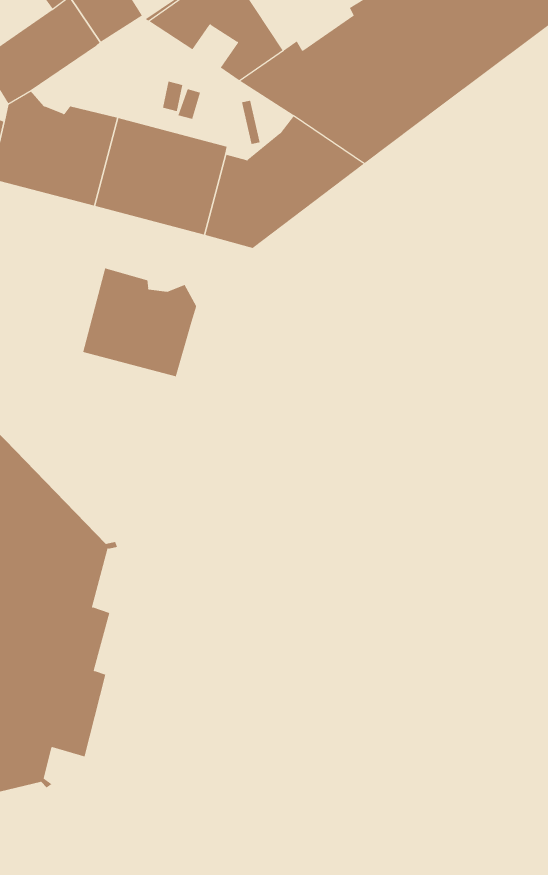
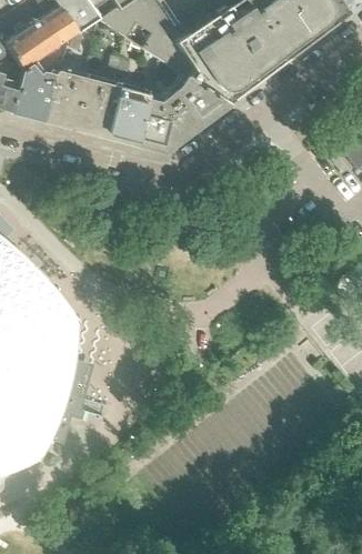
building: [83,268,197,377] -> none

